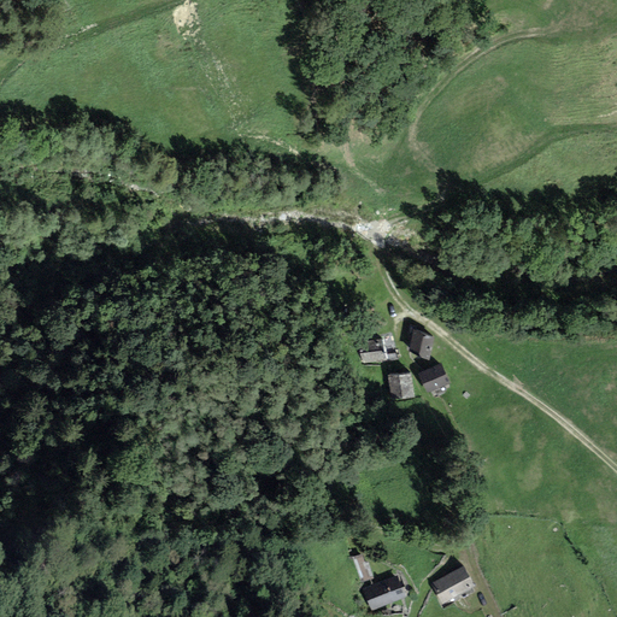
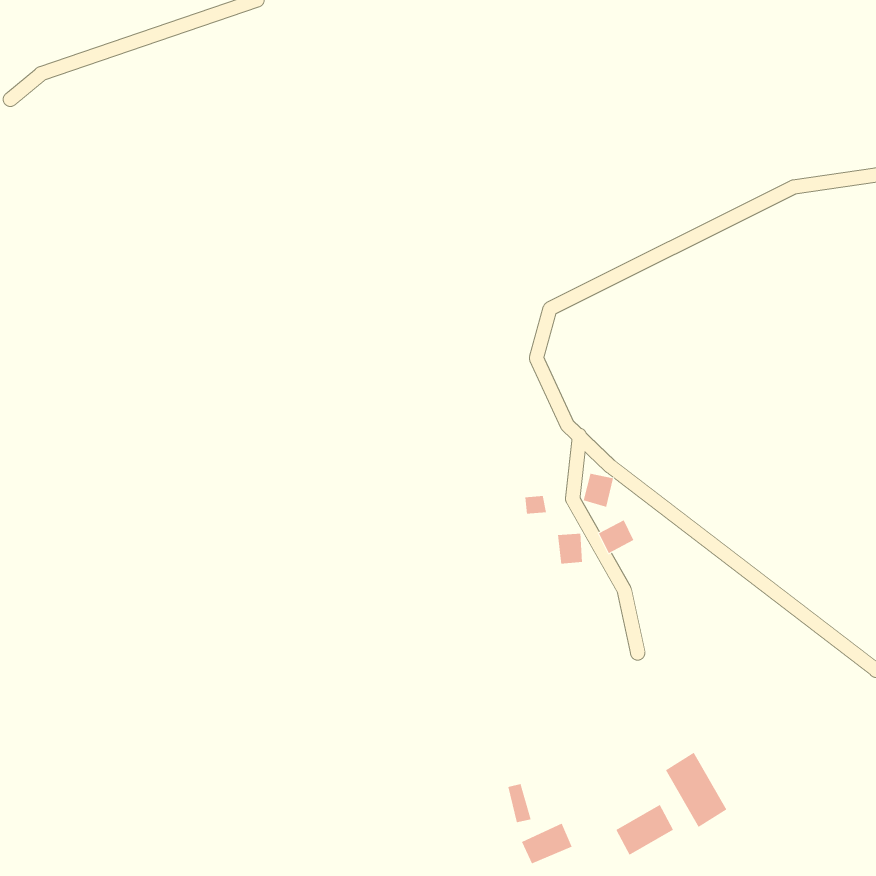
building: none -> [665,752,727,828]

